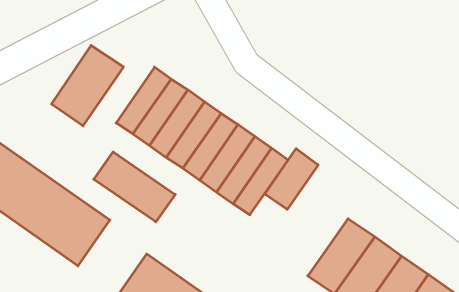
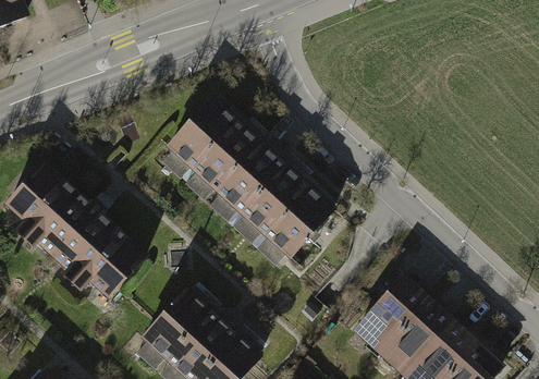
building: [52,45,123,126] -> none
building: [265,149,318,209] -> none
building: [94,152,175,222] -> none

